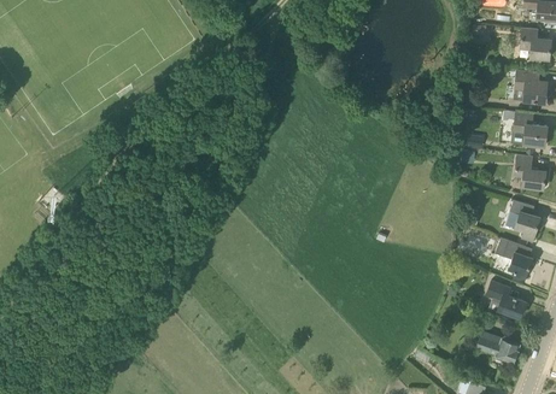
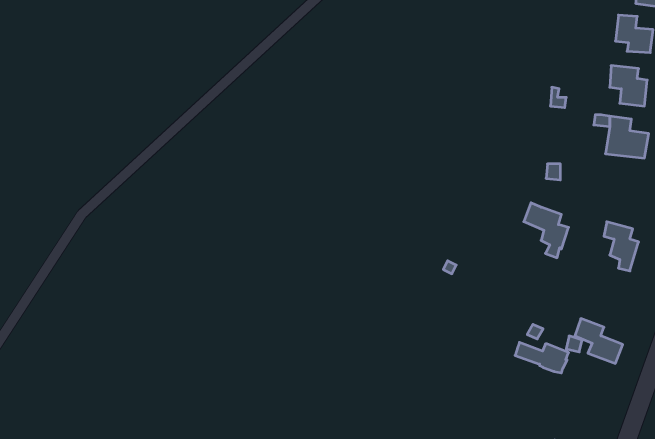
building: [515,155,545,189] -> none
building: [494,237,532,283] -> [524,203,569,258]
building: [475,336,520,361] -> [515,342,569,373]

